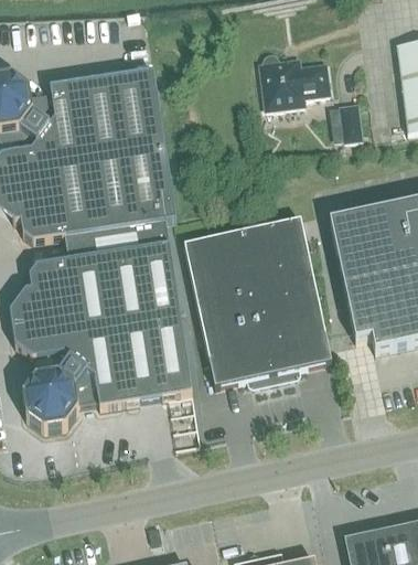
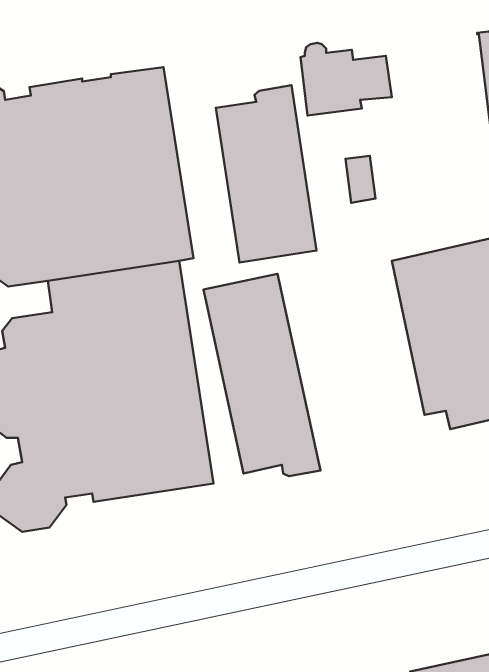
building: none -> [216,85,317,263]
building: [339,102,362,138] -> [346,156,376,203]
building: [242,216,331,381] -> none

